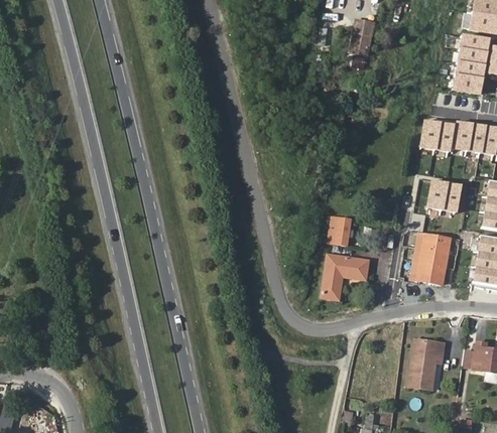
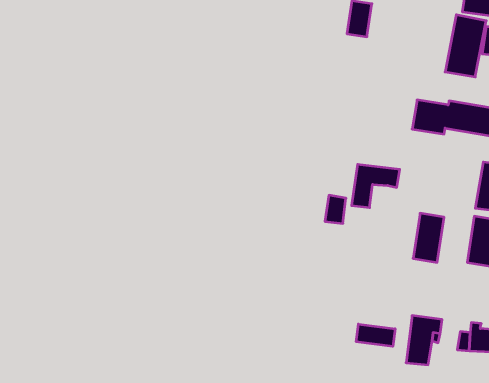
building: [425,179,461,213] -> none
building: [320,259,368,302] -> [352,164,400,208]
building: none -> [356,324,395,346]

